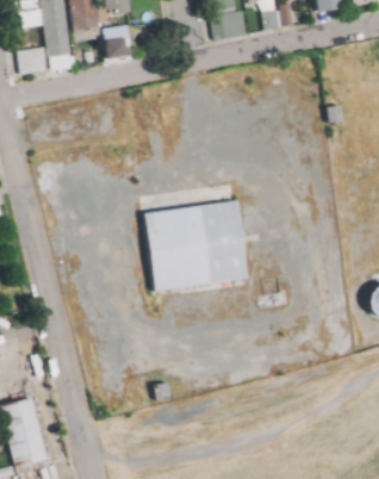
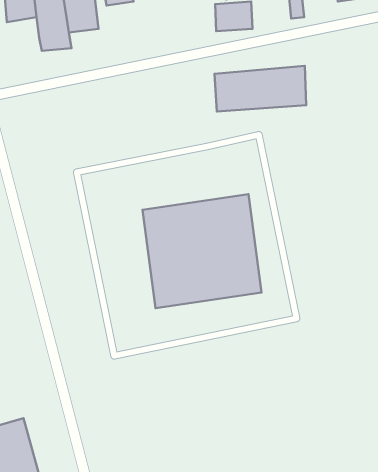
building: [105,26,135,62] -> none
building: [17,45,50,77] -> none
building: none -> [215,66,306,111]

